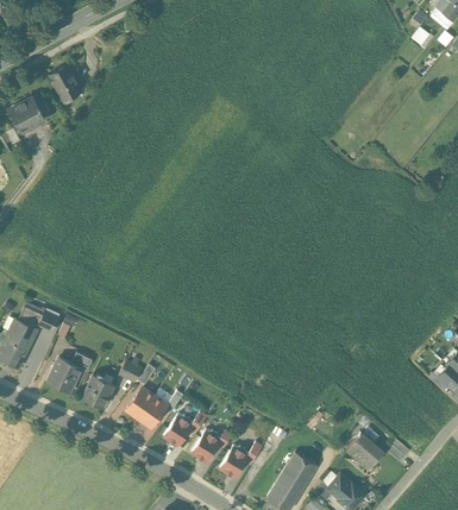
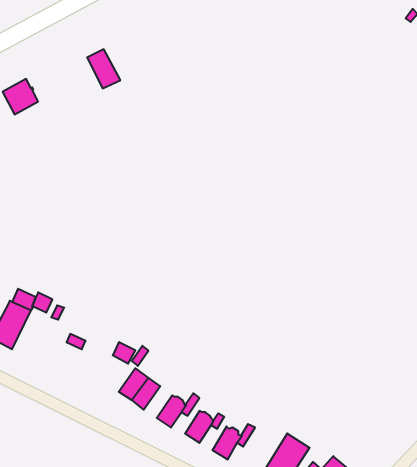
building: [51,65,84,105] -> [87,49,120,88]
building: [49,357,81,391] -> none
building: [82,374,114,407] -> none
building: [347,433,384,468] -> none

